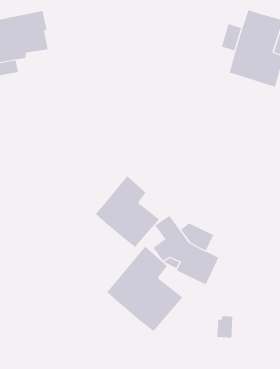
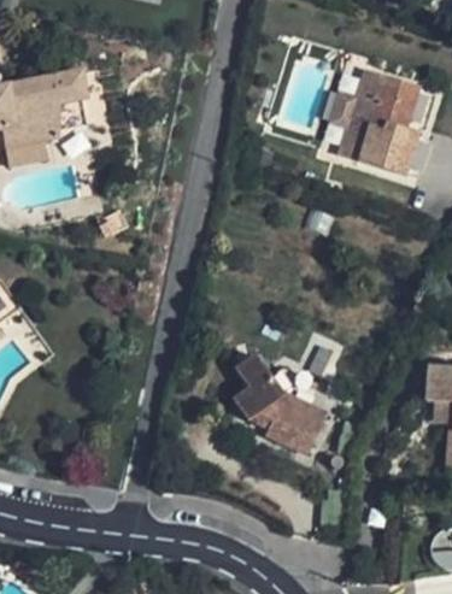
building: [95,176,160,248] -> none
building: [106,246,183,332] -> none

